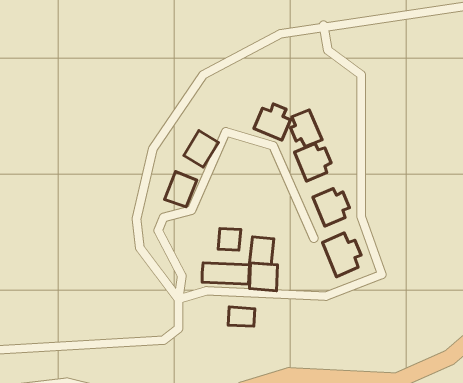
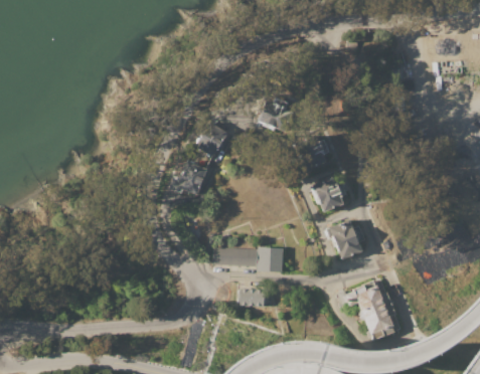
building: [291,110,322,147] -> none
building: [218,228,241,250] -> none
building: [250,237,274,264] -> none
building: none -> [342,280,394,340]

